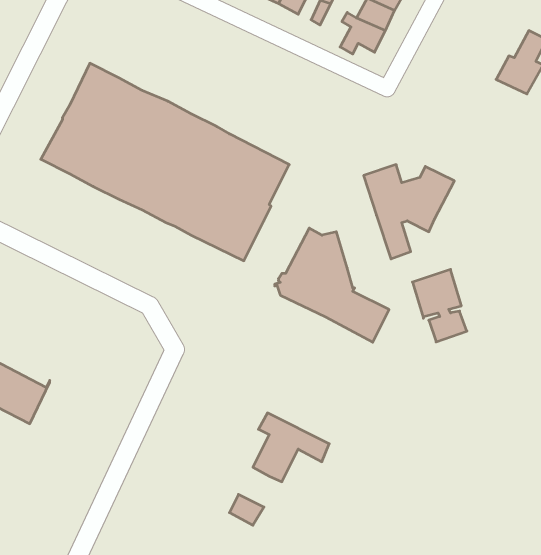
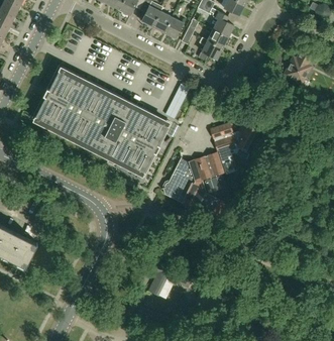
building: [412,269,467,342] -> [196,152,226,193]

